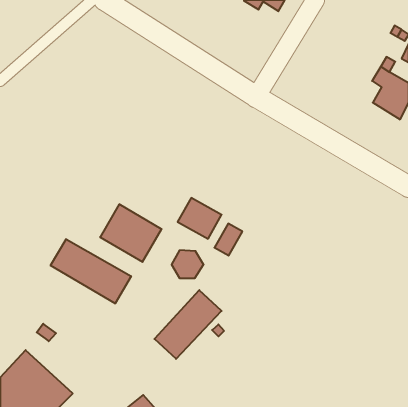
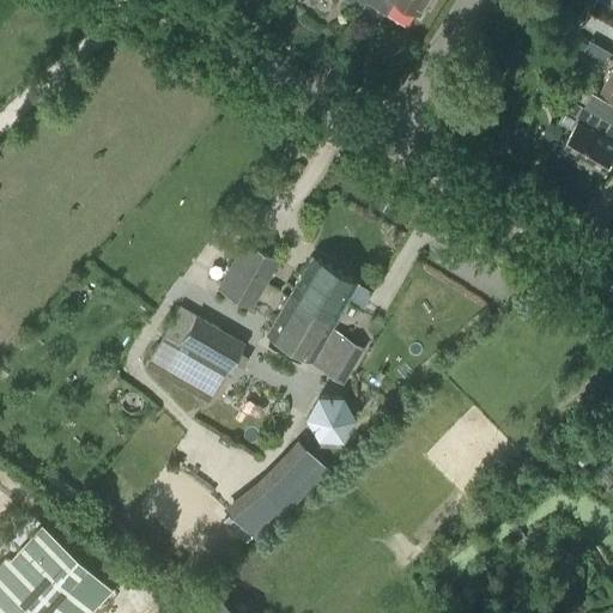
building: none -> [218,245,277,310]
building: none -> [287,259,356,324]
building: [51,239,131,304] -> none
building: [172,250,204,278] -> [308,399,356,441]

